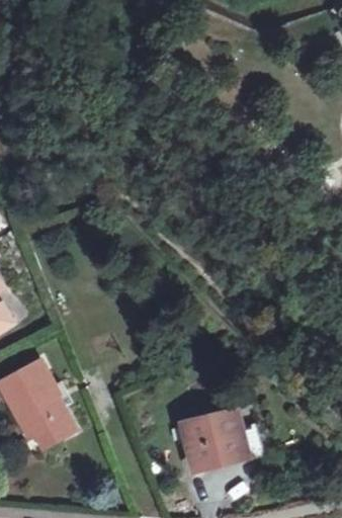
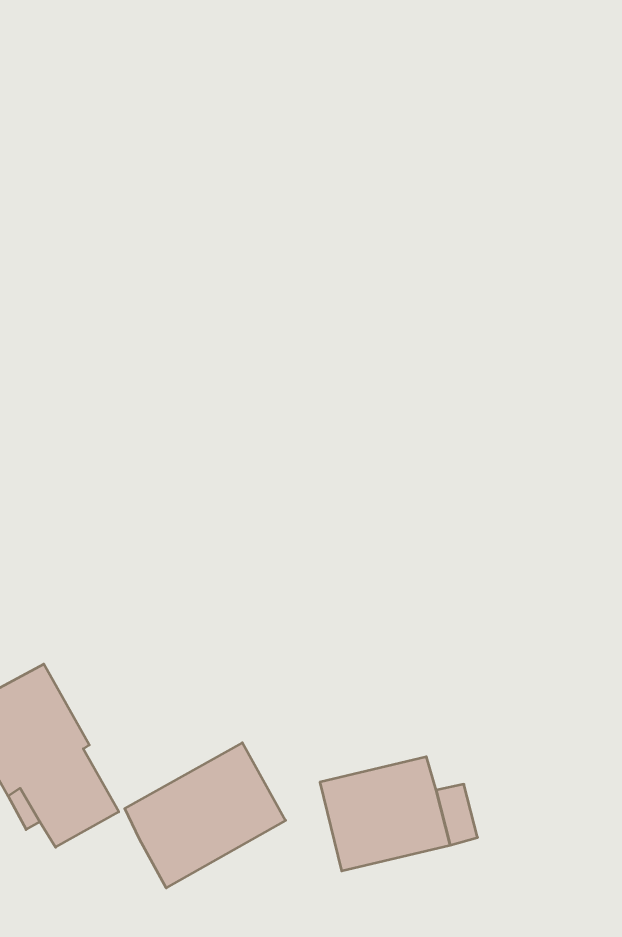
building: none -> [125,743,286,888]

